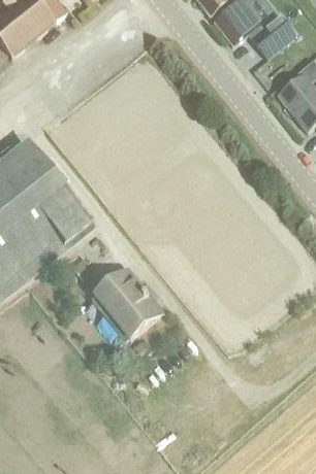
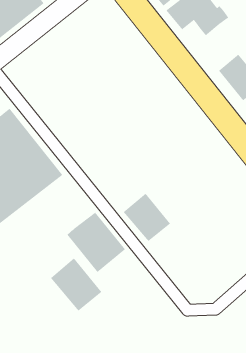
building: none -> [123,193,171,242]
building: none -> [50,258,102,311]

